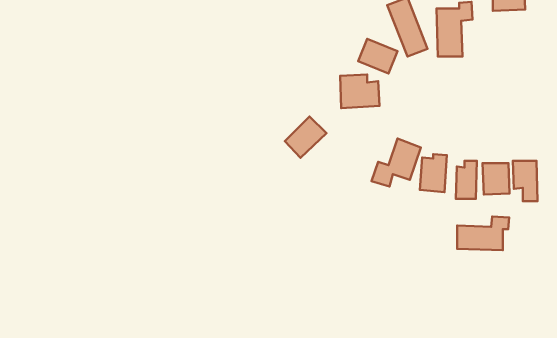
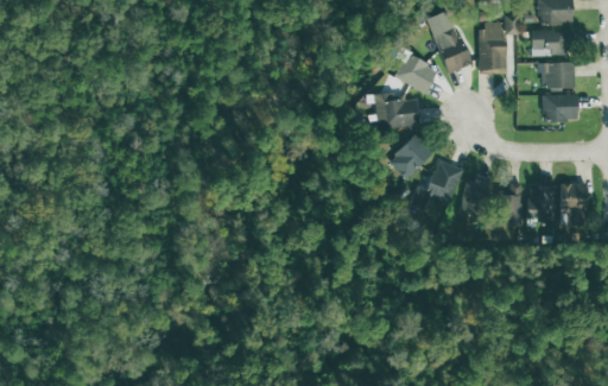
building: none -> [531,30,572,56]
building: none -> [542,61,574,88]
building: none -> [543,94,577,121]
building: [285,116,326,158] -> [388,134,432,178]
building: [457,216,509,250] -> none

